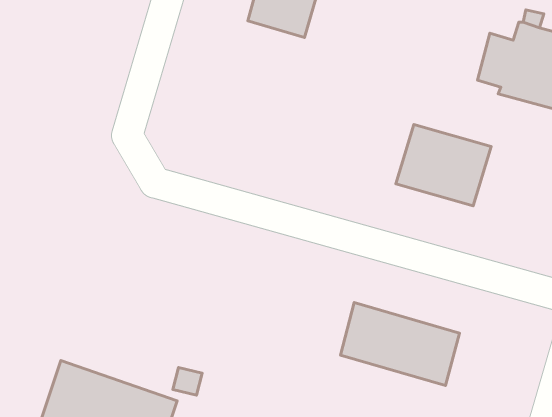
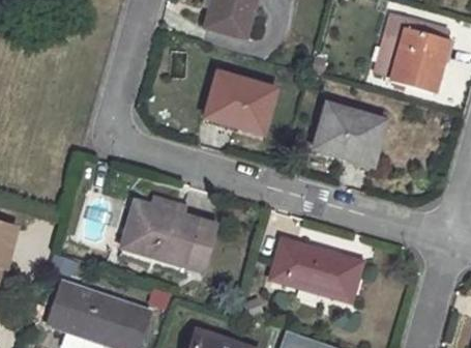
building: none -> [205,71,275,134]
building: none -> [121,199,213,269]

